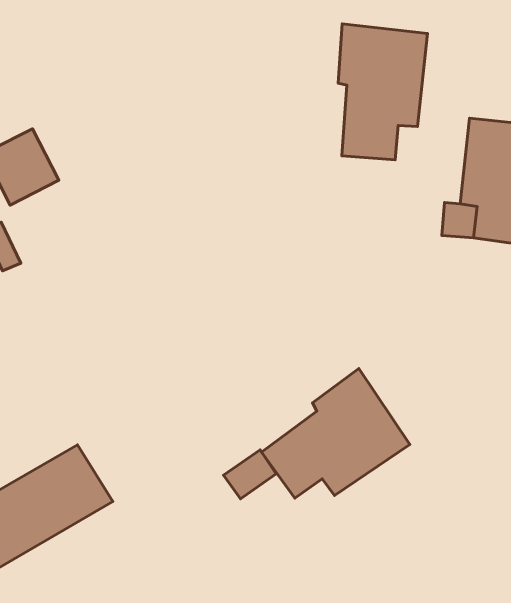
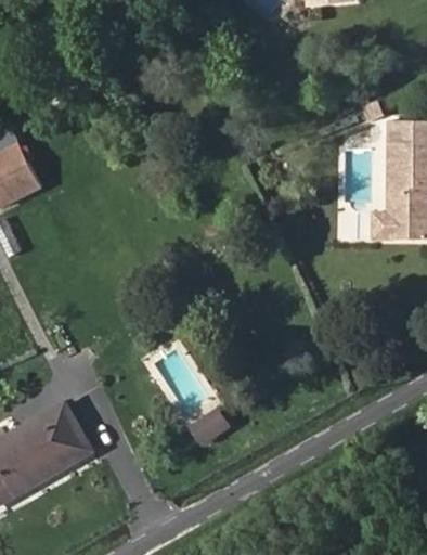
building: [338,24,428,160] -> none
building: [262,369,410,498] -> none

